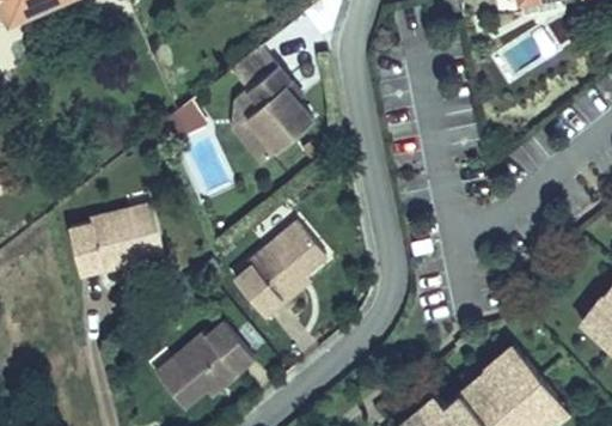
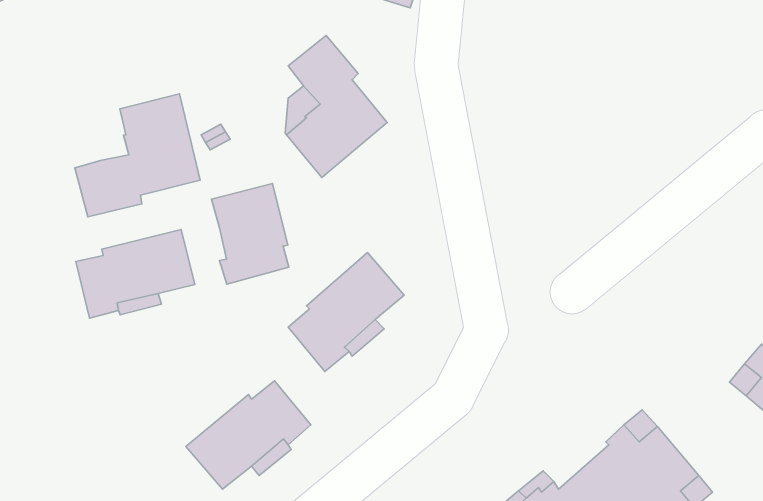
building: none -> [75,94,200,217]
building: none -> [211,183,289,284]

